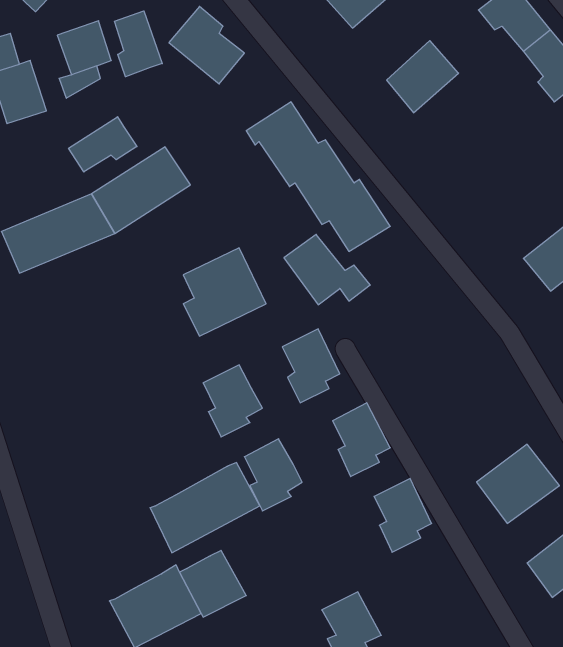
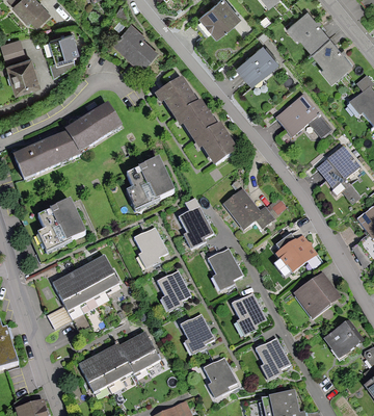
building: [115,11,162,77] -> none
building: [69,117,137,172] -> none
building: none -> [277,92,333,135]
building: [284,234,370,305] -> [222,189,272,230]
building: none -> [38,202,86,253]
building: none -> [274,235,315,275]
building: [150,463,260,553] -> [53,257,116,309]
building: none -> [180,315,213,357]
building: none -> [256,339,289,382]

